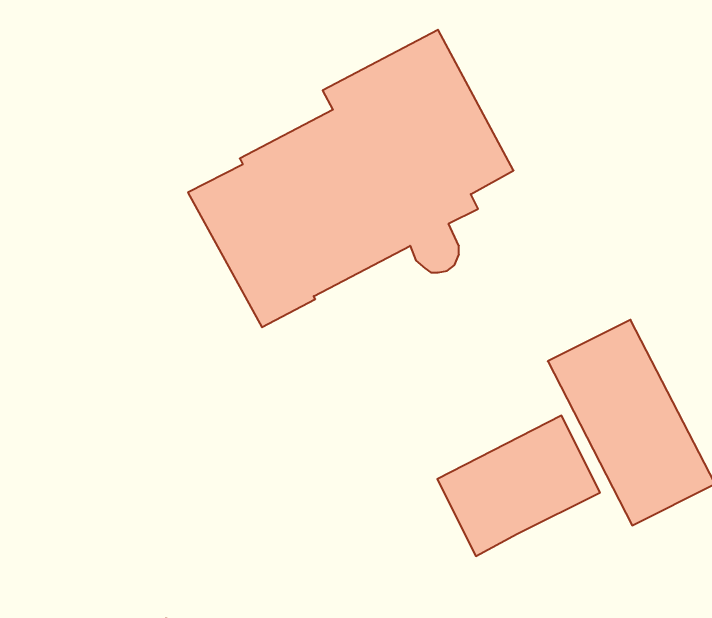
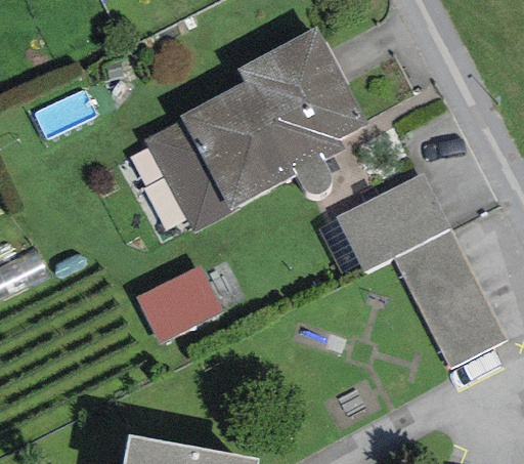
building: none -> [134,264,223,344]
building: [437,416,600,556] -> [336,174,448,271]

